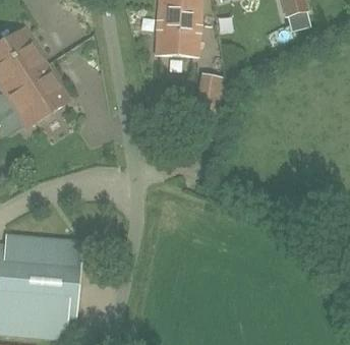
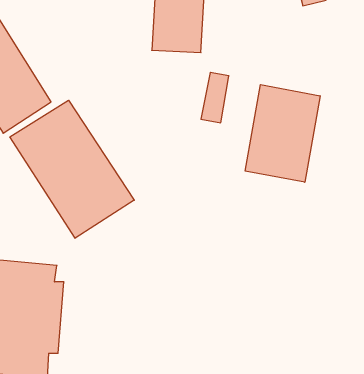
building: none -> [245,85,320,182]
building: none -> [10,100,134,238]

